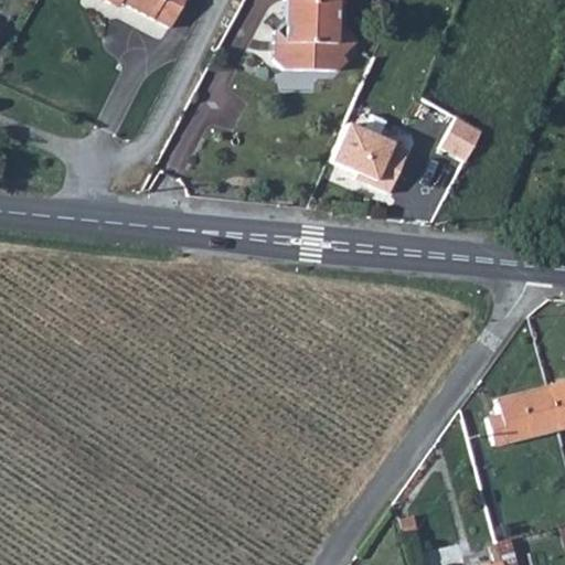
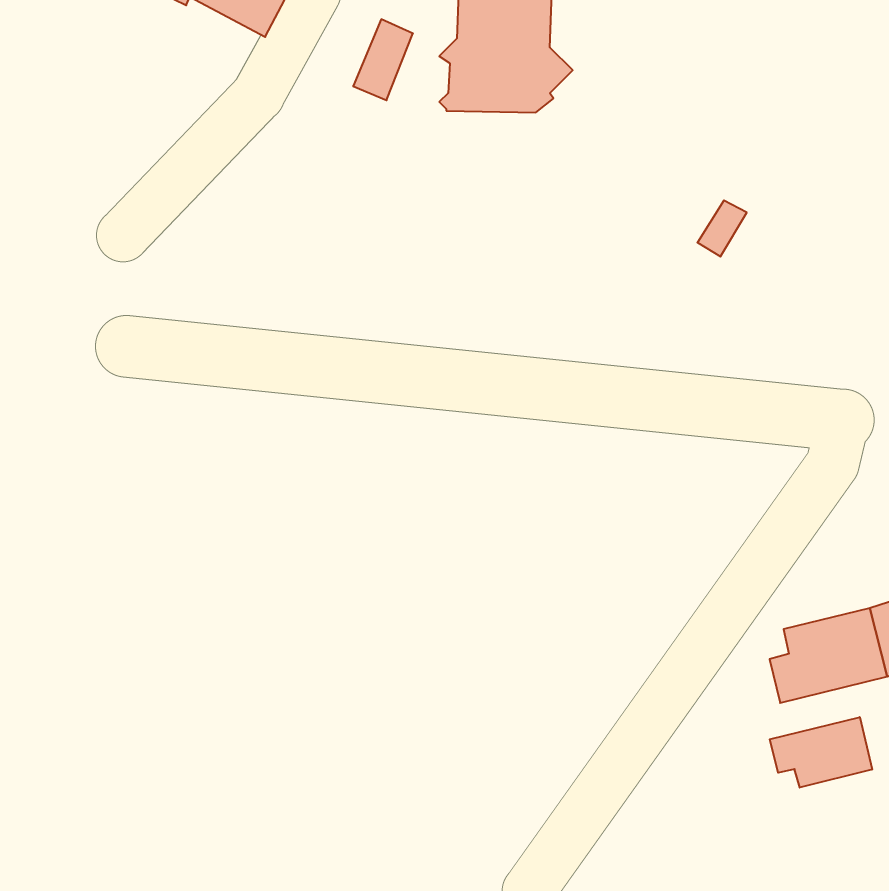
building: [332,124,409,194] -> none
building: none -> [770,717,872,788]

